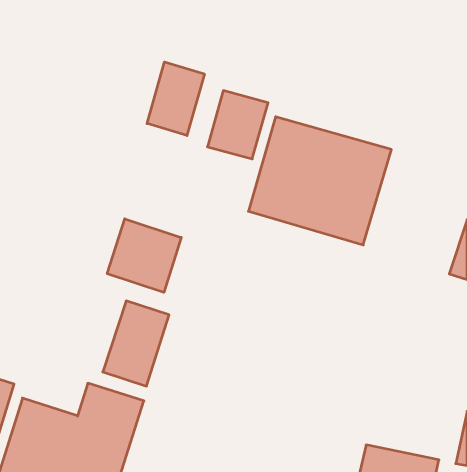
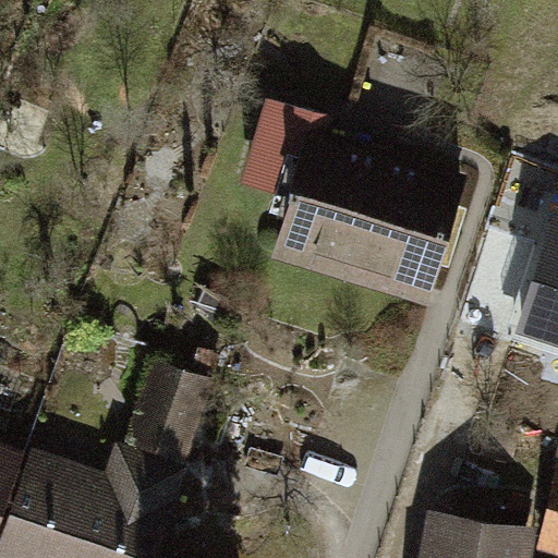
building: [147,62,204,136] -> none
building: [107,219,181,292] -> none

